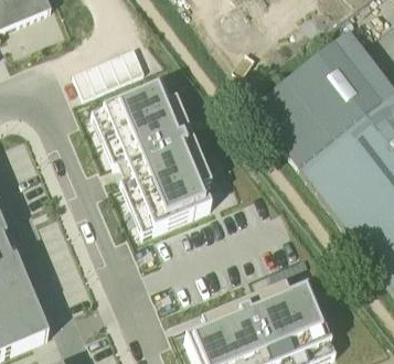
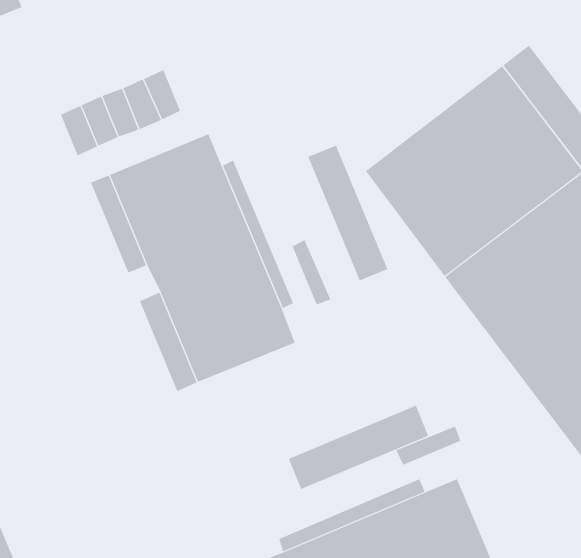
building: none -> [307,145,388,281]
building: none -> [288,405,429,490]

